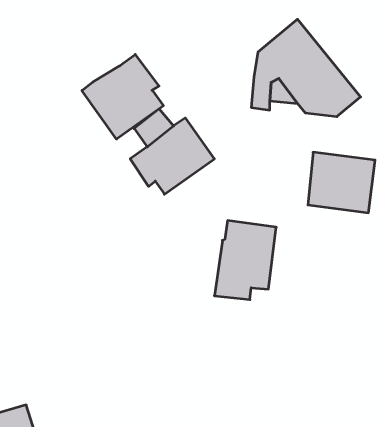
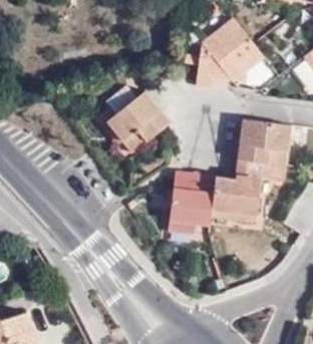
building: [82,54,163,139] -> none
building: none -> [215,159,286,215]

